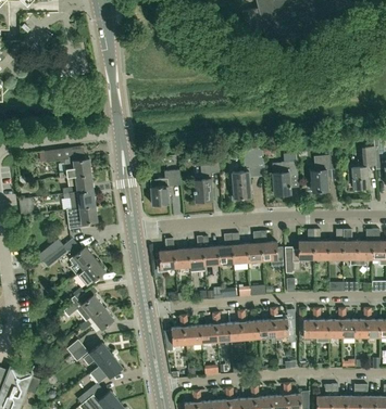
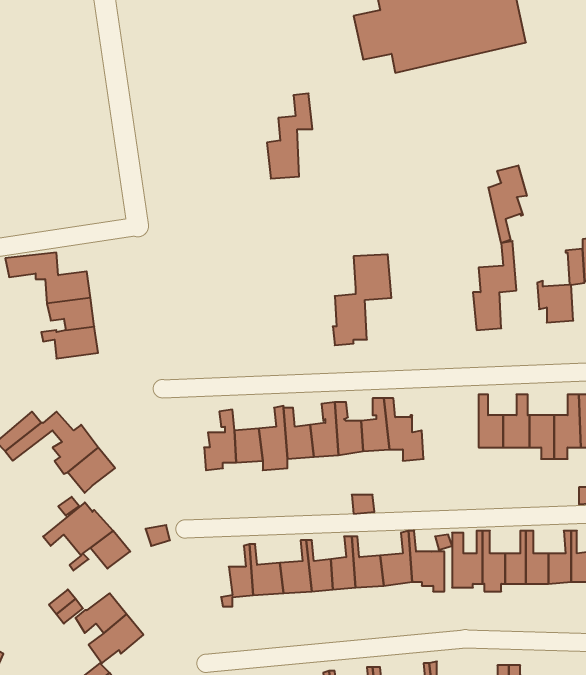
building: none -> [488,165,527,243]
building: [194,152,220,201] -> [267,93,312,179]
building: [272,161,297,195] -> none
building: [150,170,180,206] -> none
building: [66,205,98,229] -> none
building: [285,229,314,284] -> none

